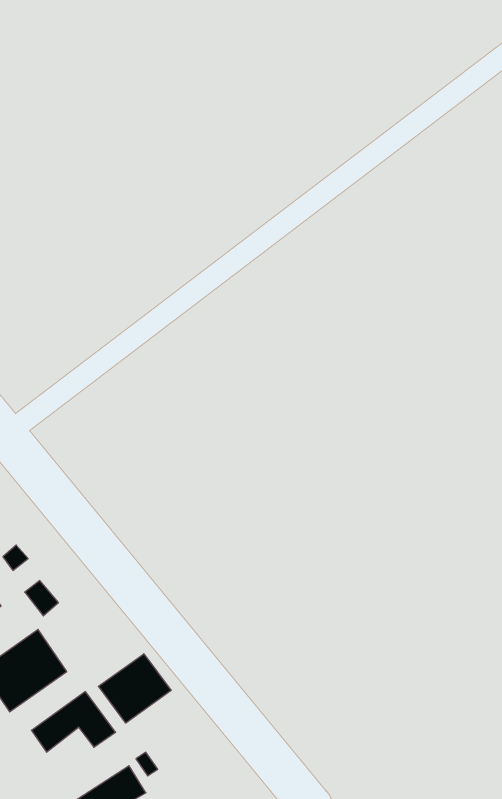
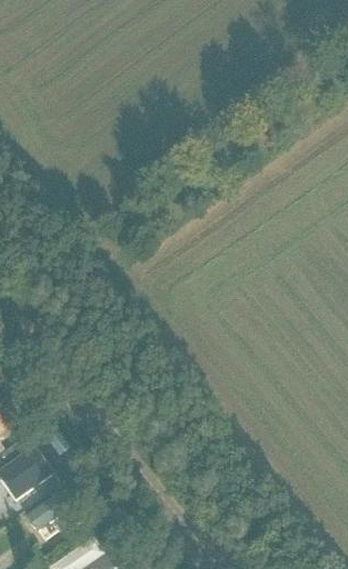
building: [98,654,171,723] -> none

